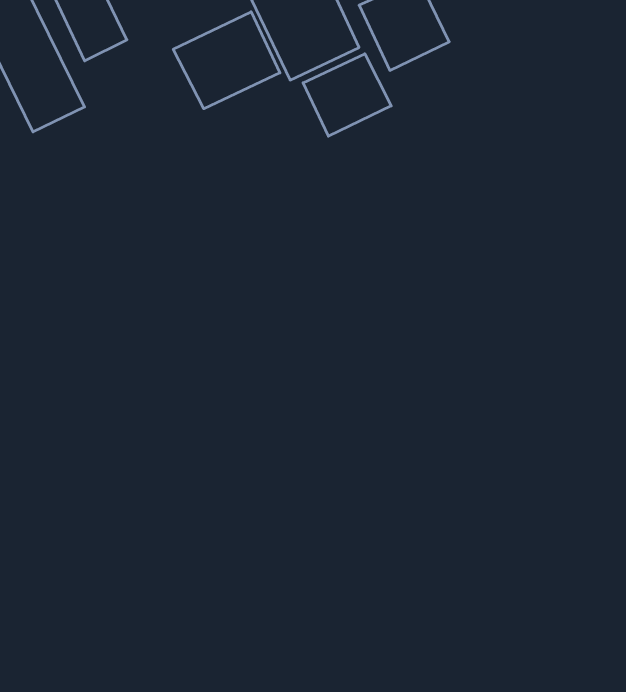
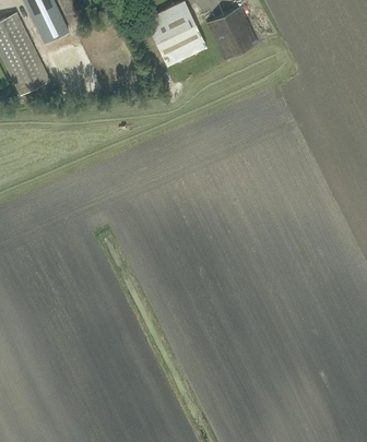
building: [173,12,280,109] -> none
building: [303,54,391,136] -> none

